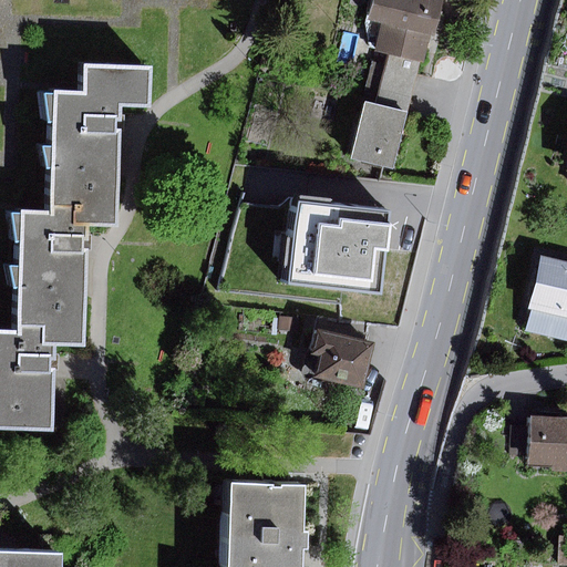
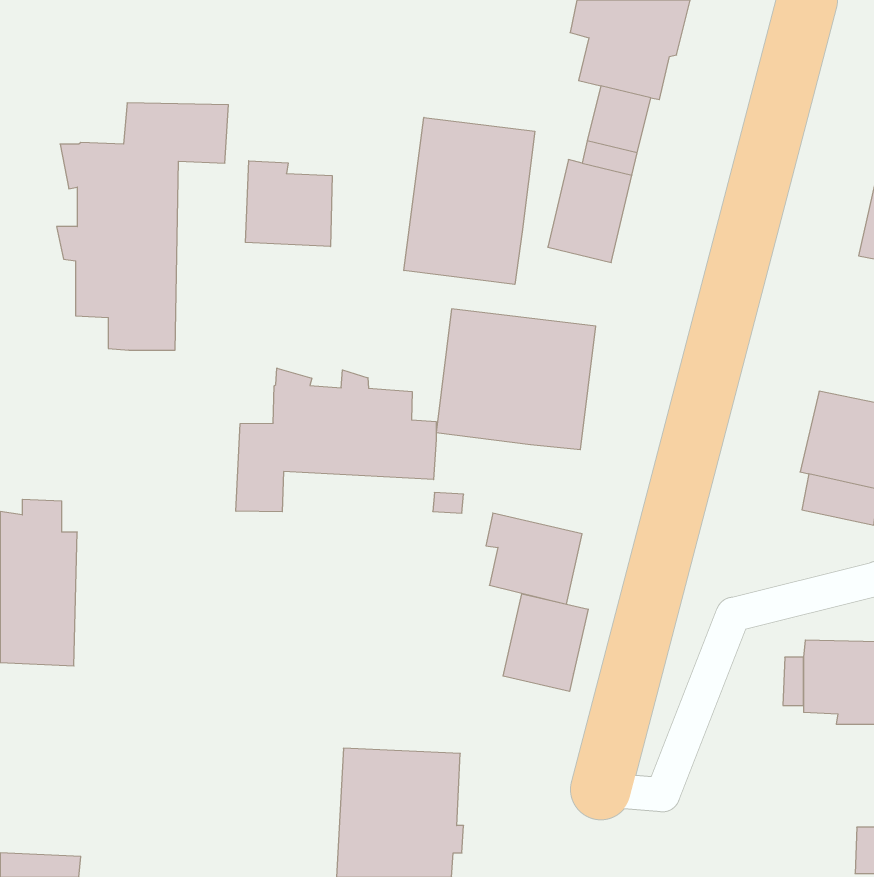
building: none -> [404,117,535,284]
building: none -> [245,161,332,247]
building: [7,204,85,343] -> none
building: none -> [236,368,436,512]
building: none -> [503,594,588,691]

